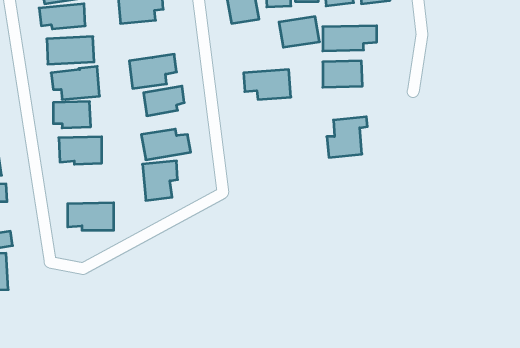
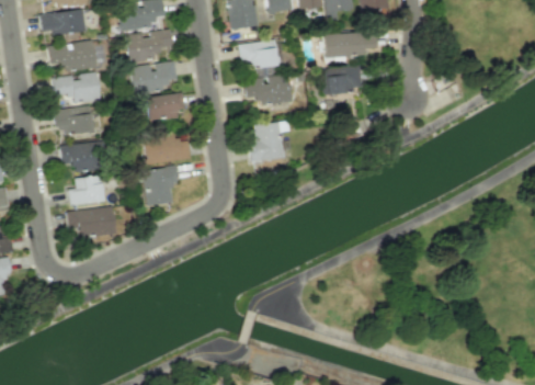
building: [279,17,320,47] -> [238,39,278,70]
building: none -> [127,30,172,60]
building: [327,117,367,157] -> [249,122,289,162]
building: none -> [69,175,104,205]

